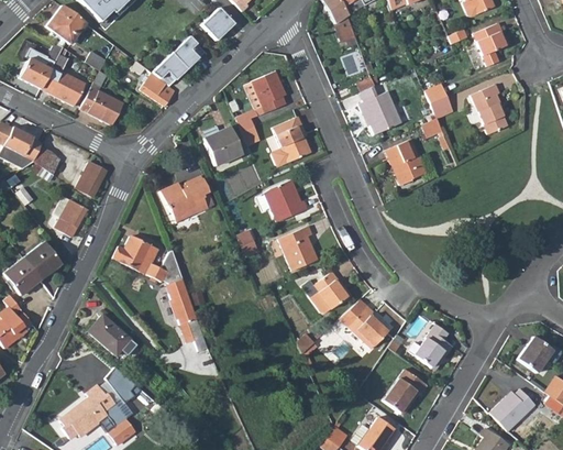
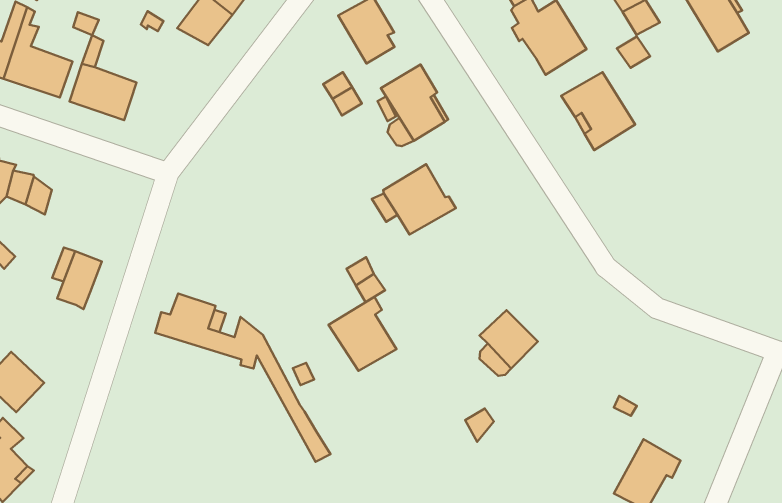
building: [141,72,176,103] -> none
building: [207,130,244,168] -> none
building: [76,161,107,196] -> none
building: [162,177,210,222] -> none
building: [279,226,319,270] -> [328,297,396,371]
building: [23,241,60,278] -> none
building: [346,308,386,350] -> none
building: [88,315,137,355] -> none
building: [413,321,450,366] -> none

